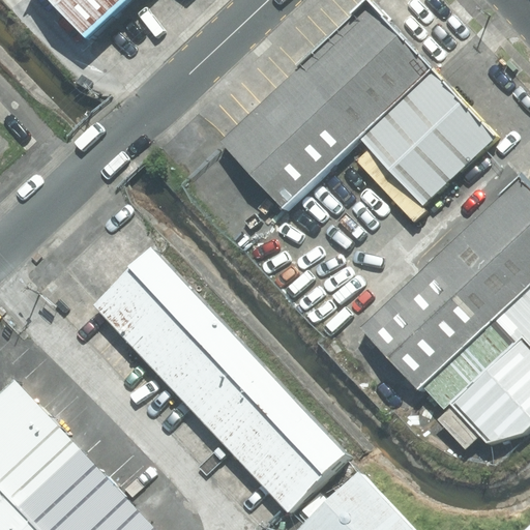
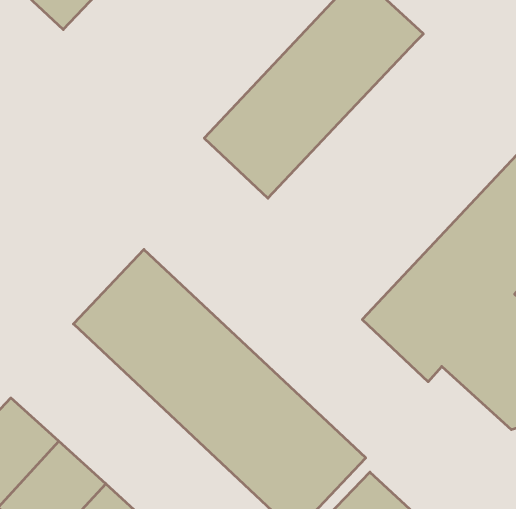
building: [354,71,491,207] -> none

